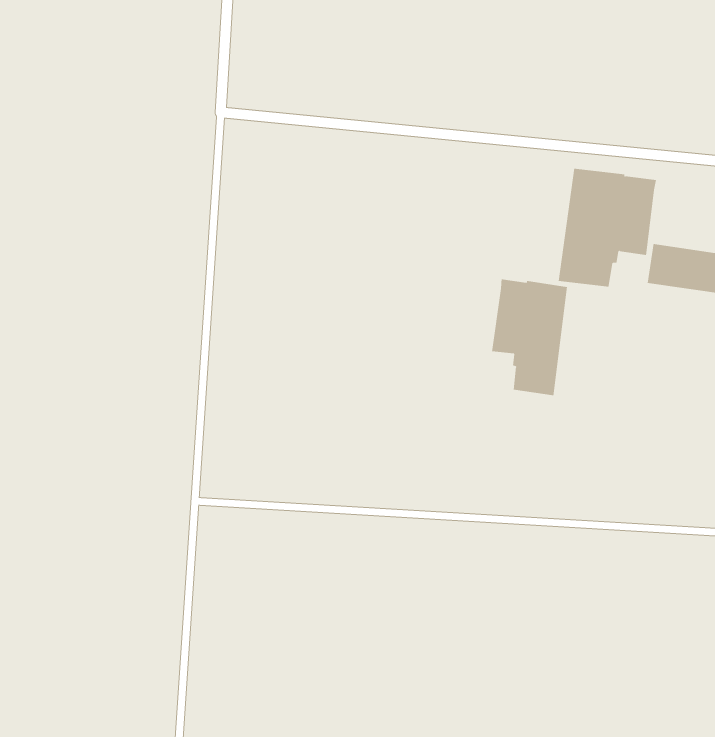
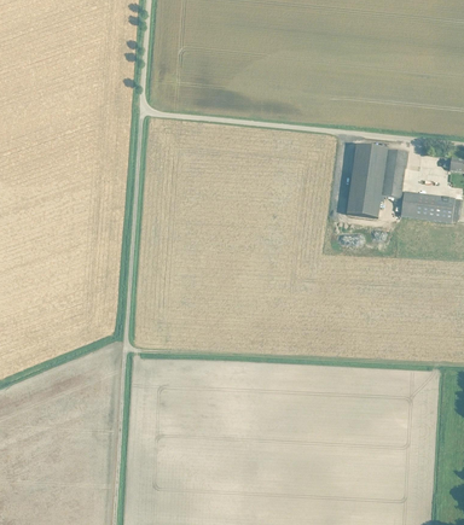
building: [492,279,567,396] -> none

